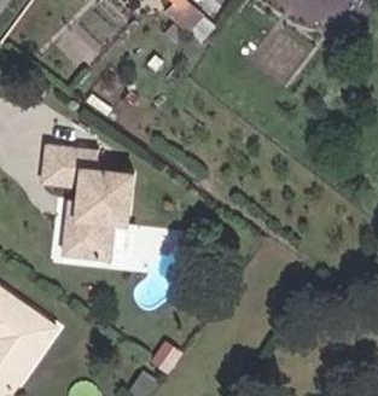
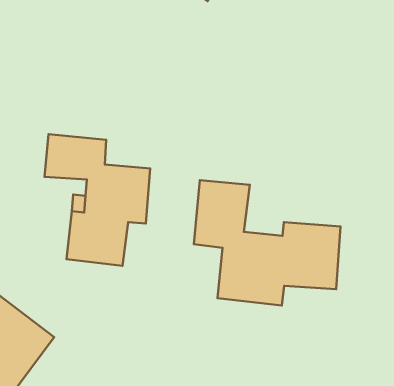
building: none -> [194,180,340,306]

